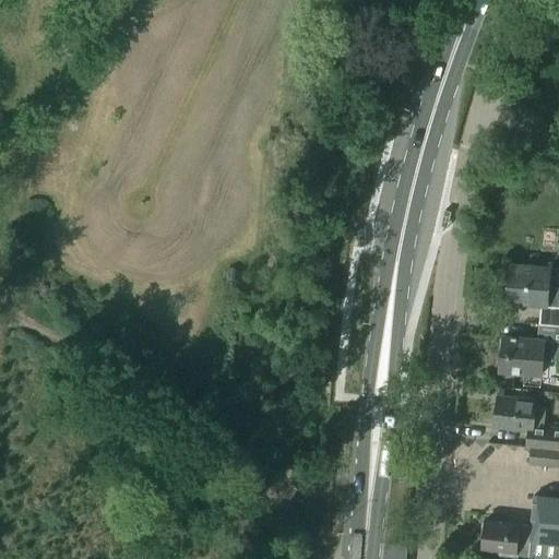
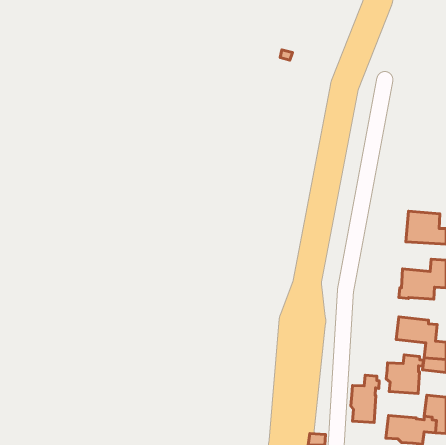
building: none -> [386,355,423,393]
building: none -> [351,375,379,422]

